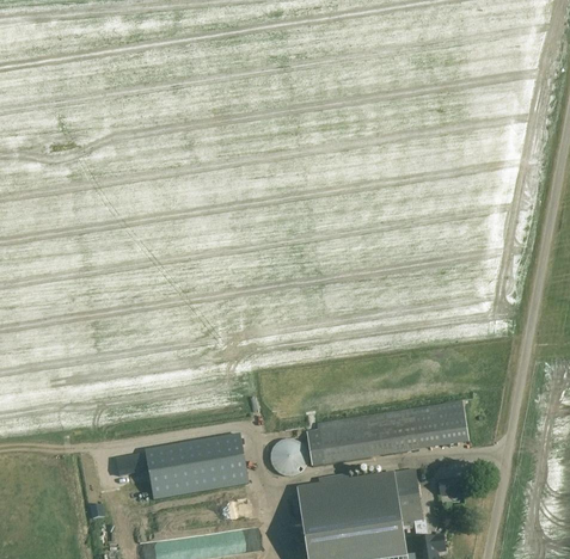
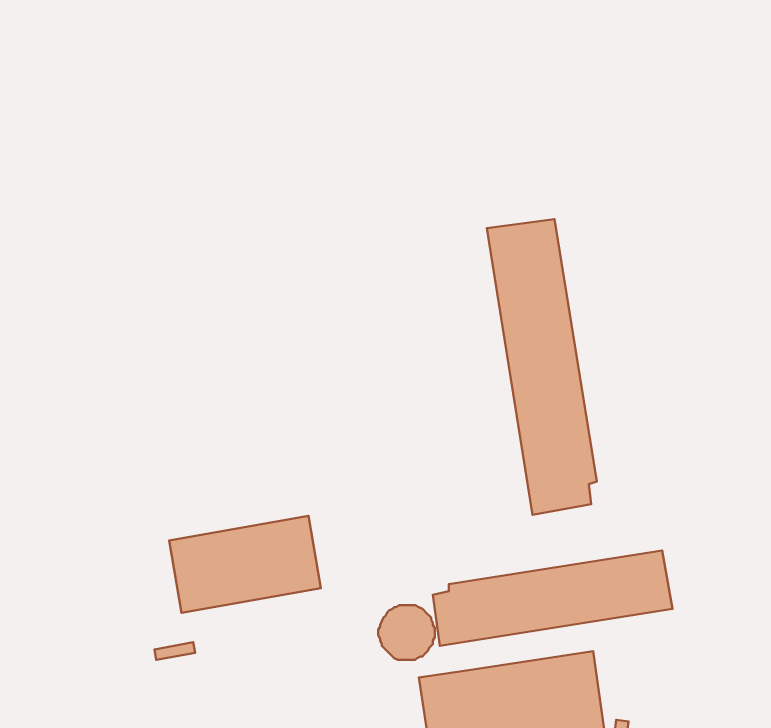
building: none -> [487,219,597,515]
building: [145,432,247,498] -> [169,516,321,613]

